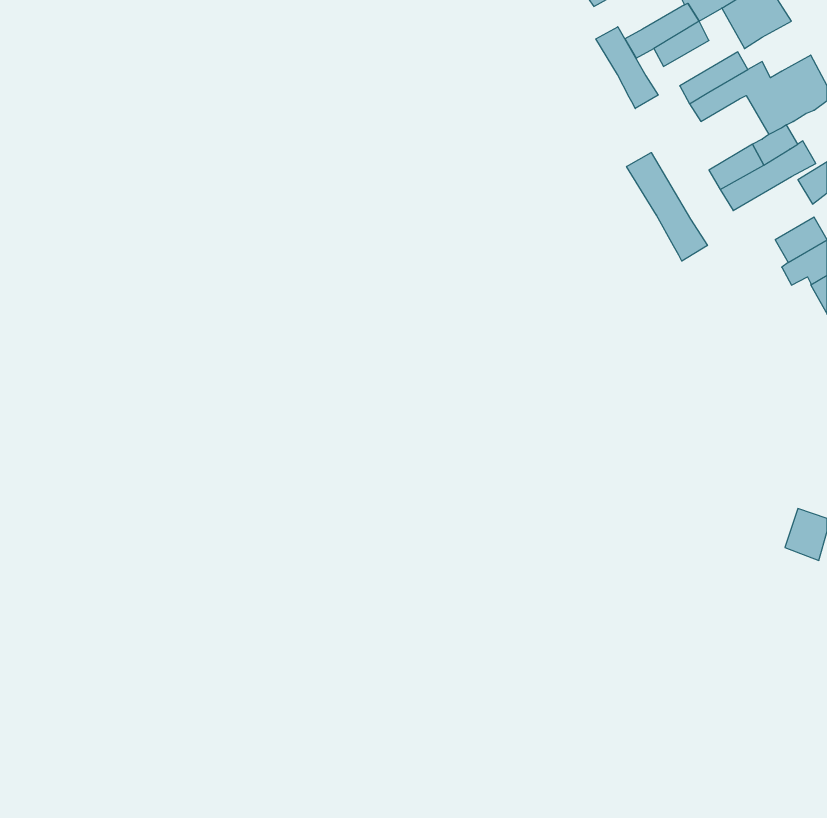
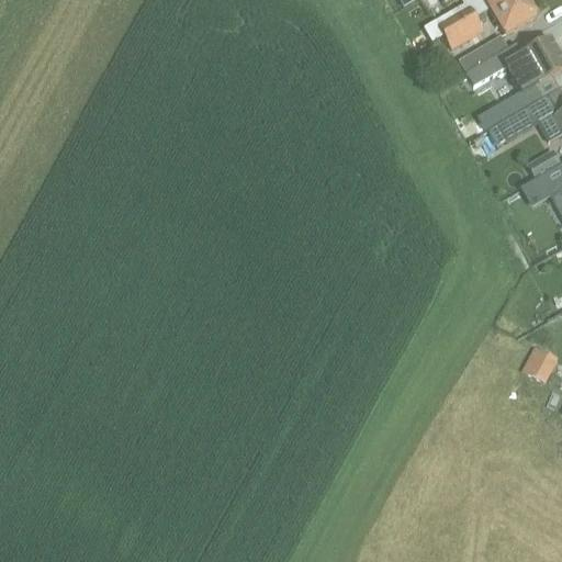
building: [596,27,658,109] -> none
building: [627,153,707,261] -> none

